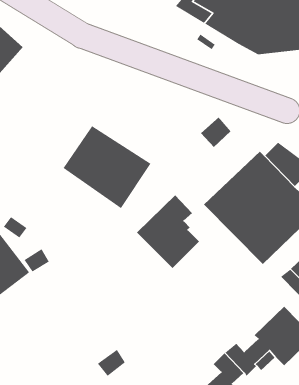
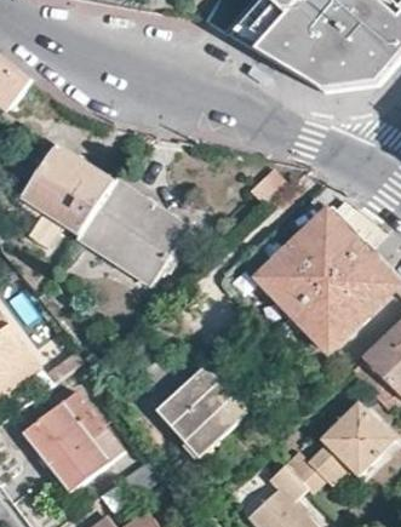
building: none -> [22,144,114,236]
building: [136,195,200,269] -> [155,365,234,457]
building: none -> [24,390,122,491]

